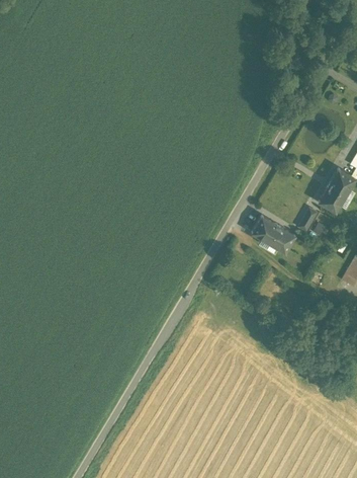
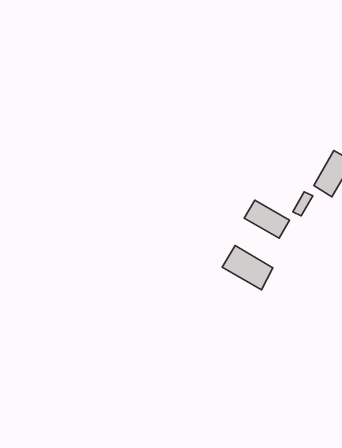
building: none -> [222,246,273,290]

